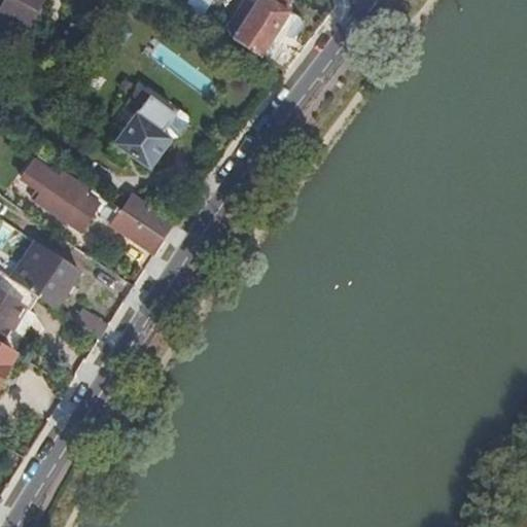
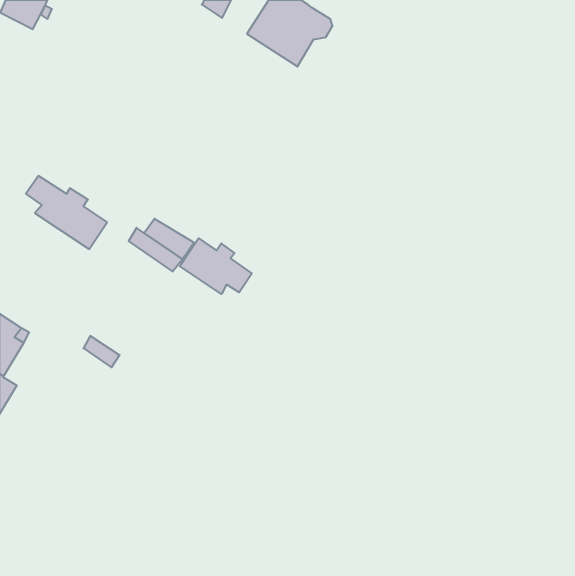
building: [115,86,176,167] -> none
building: none -> [180,238,252,294]
building: [10,239,78,305] -> none

